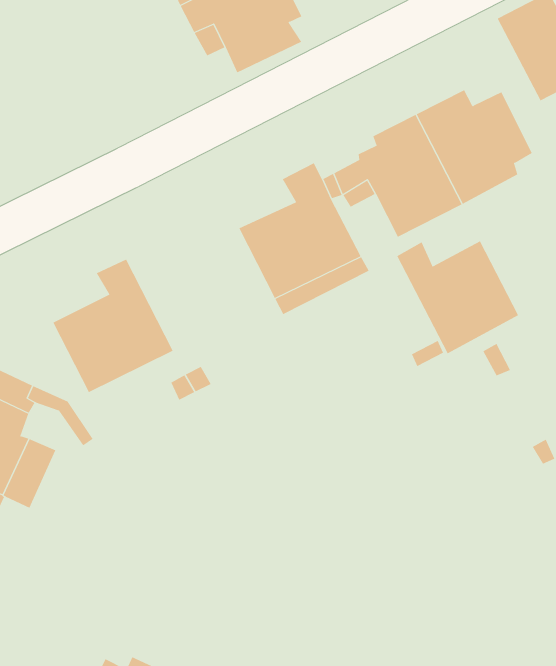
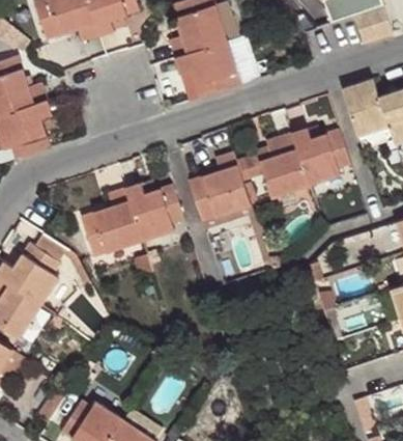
building: none -> [125,183,184,241]
building: [397,241,519,354] -> none

